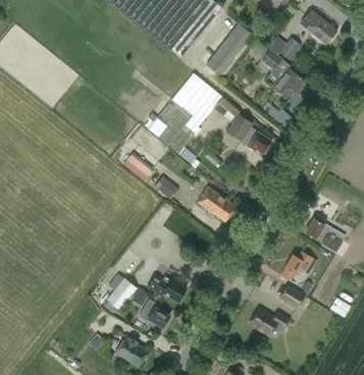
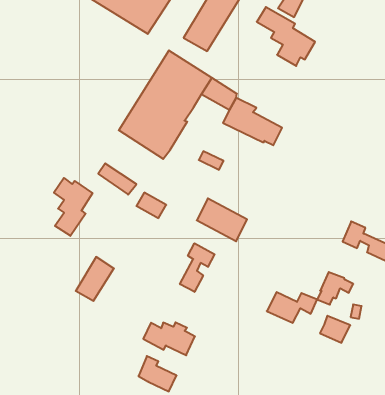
building: none -> [54,178,92,236]
building: none -> [180,243,215,292]
building: [107,276,138,309] -> [76,257,114,301]
building: [250,309,289,333] -> [267,292,317,323]

